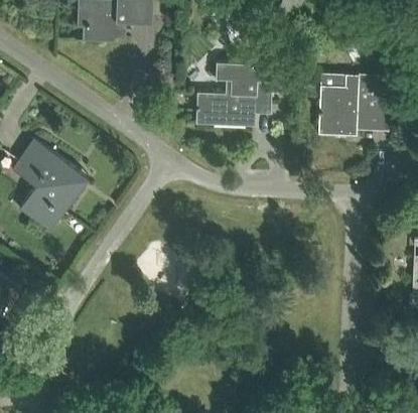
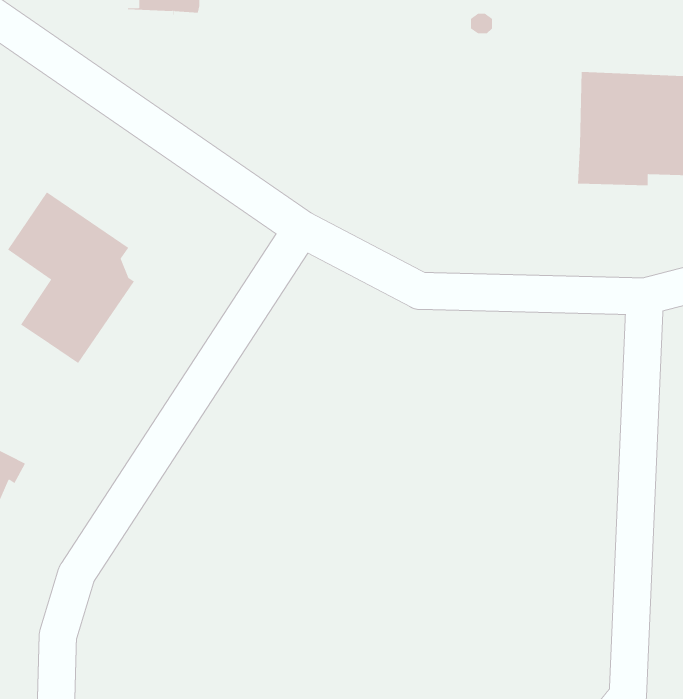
building: [195,64,272,127] -> none

